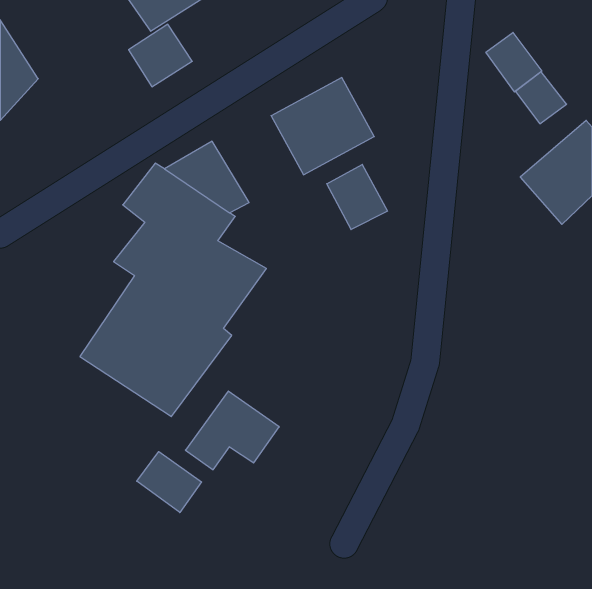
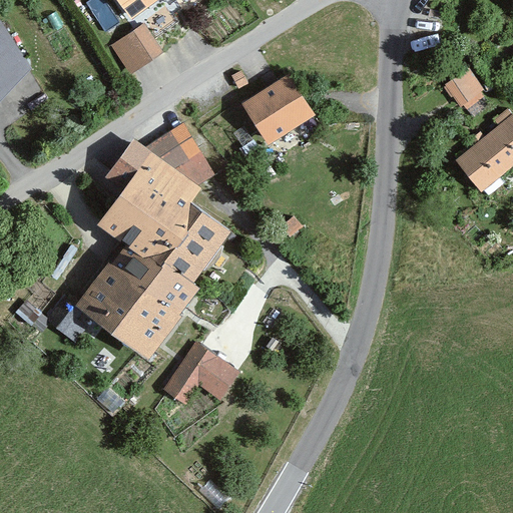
building: [486,32,542,92] -> none
building: [327,164,387,230] -> none
building: [137,452,202,513] -> none

